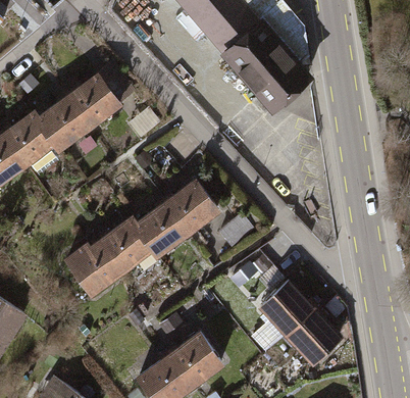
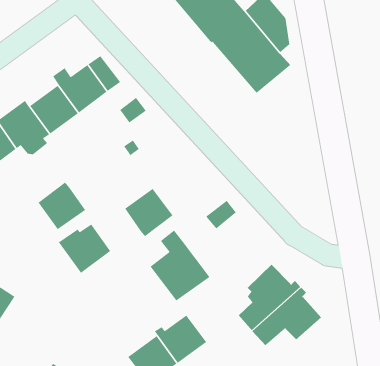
building: [165,181,216,232] -> none
building: [102,218,152,268] -> [38,182,86,230]
building: none -> [149,230,210,302]

